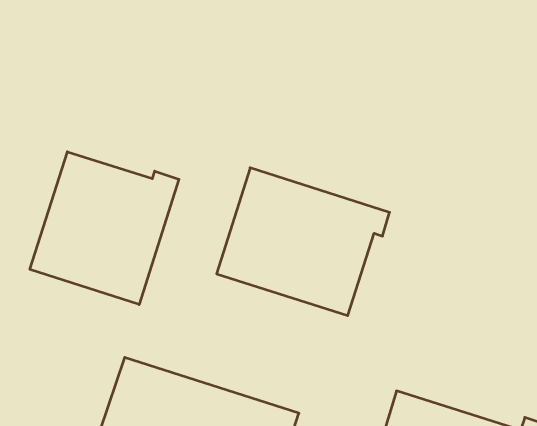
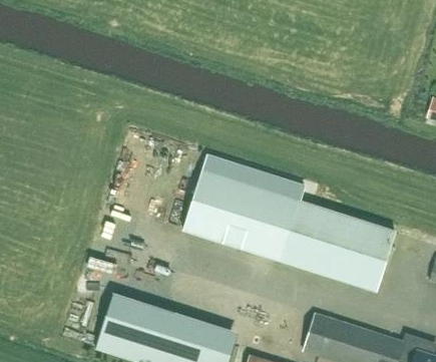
building: [30,152,179,305] -> none
building: none -> [278,202,394,292]

